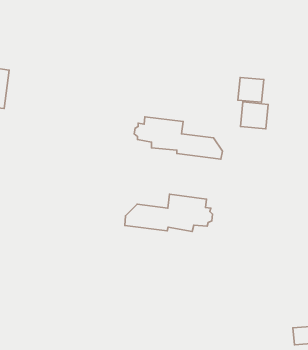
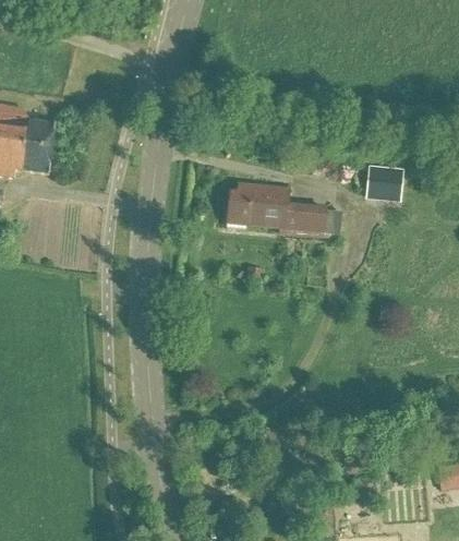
building: [238,77,264,102] -> none
building: [125,194,213,231] -> none

